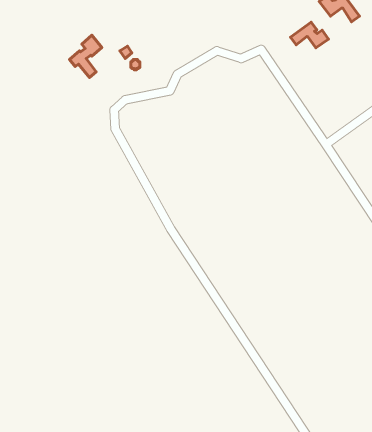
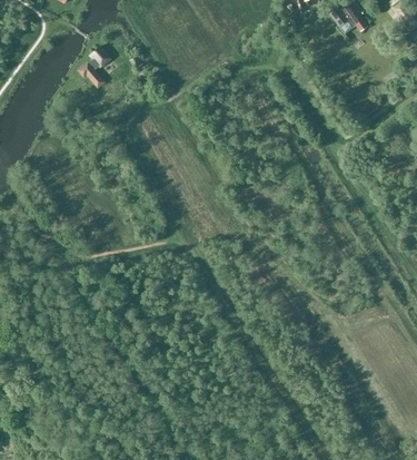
building: [290,22,329,48] -> none

